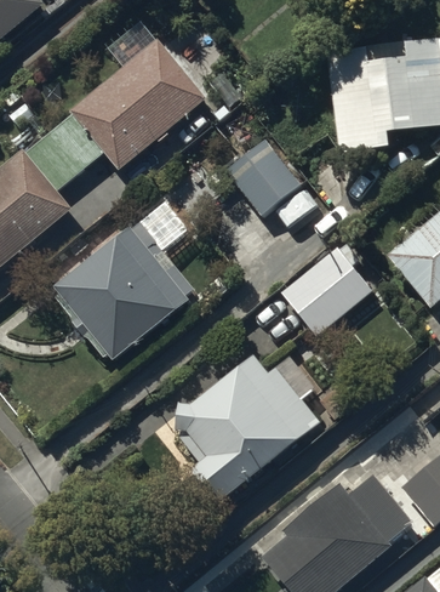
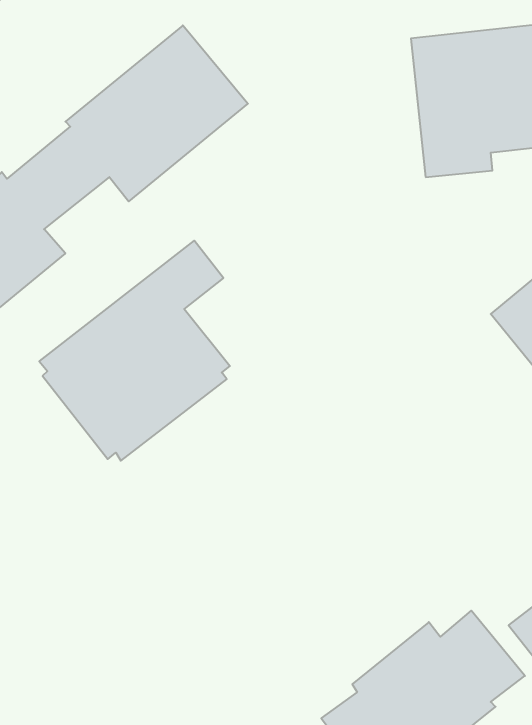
building: [225,136,315,224] -> none
building: [279,244,373,336] -> none
building: [176,354,319,503] -> none

